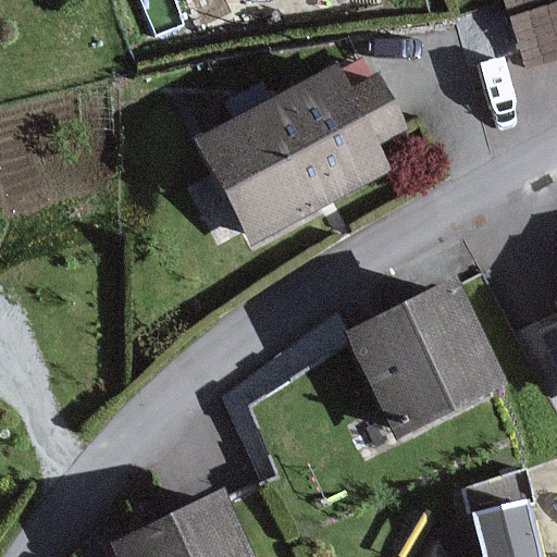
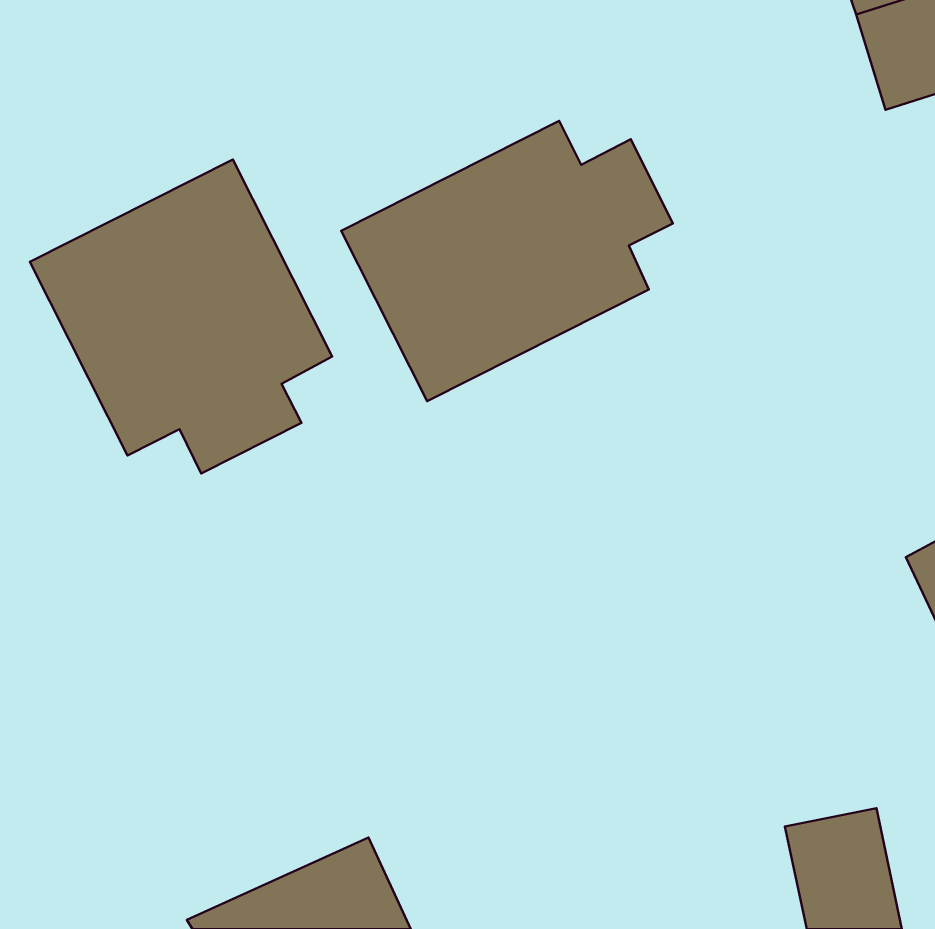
building: none -> [30,160,332,474]
building: [349,288,498,435] -> none

